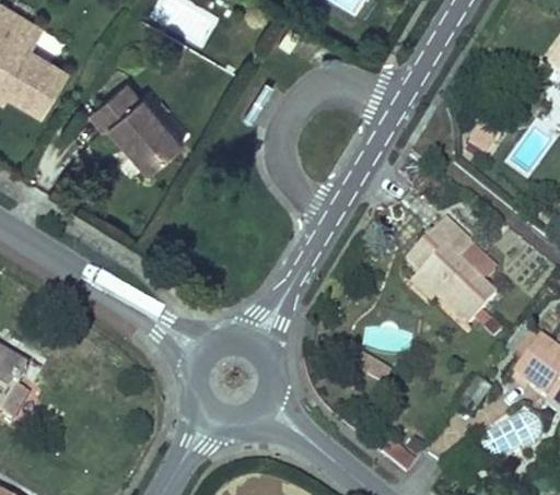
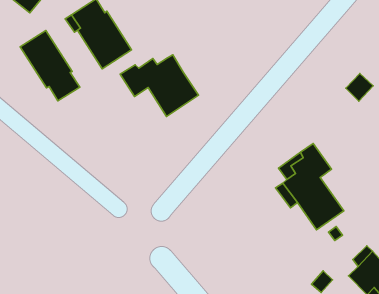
building: none -> [20,30,80,101]
building: none -> [120,55,199,116]

